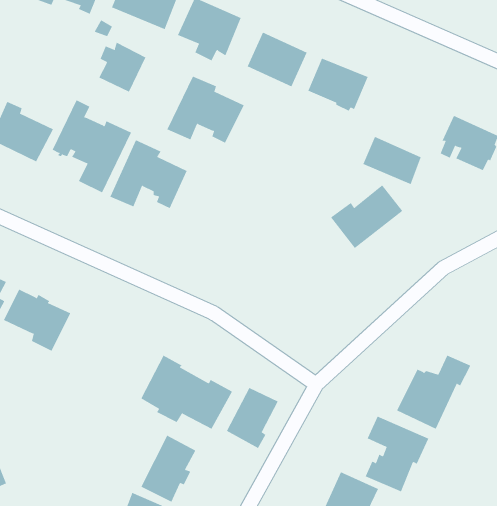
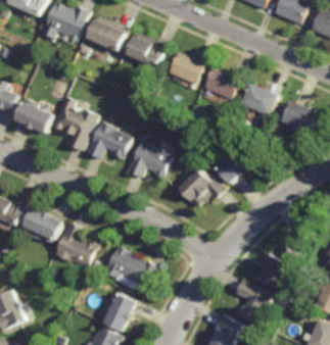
building: [99,42,146,92] -> none
building: [166,76,245,143] -> [126,136,172,176]
building: [362,136,421,185] -> [239,84,274,112]
building: none -> [177,164,225,204]
building: none -> [53,219,97,264]
building: [226,387,279,449] -> none

